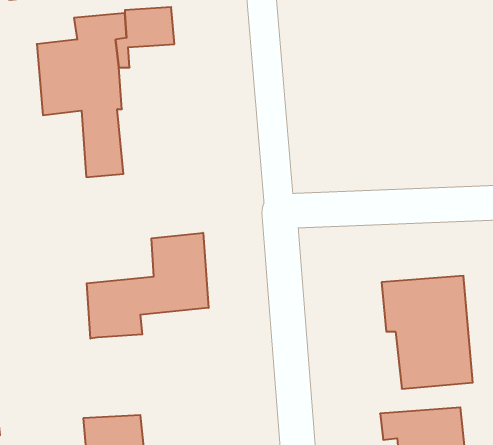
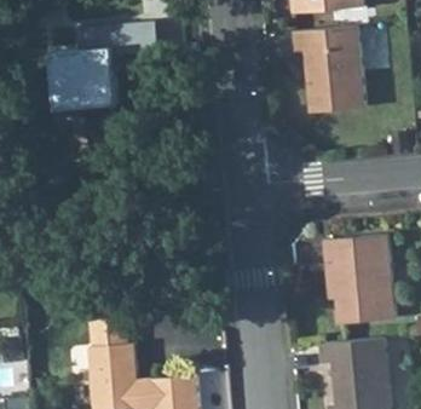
building: none -> [292,24,363,111]
building: [87,233,209,339] -> none

